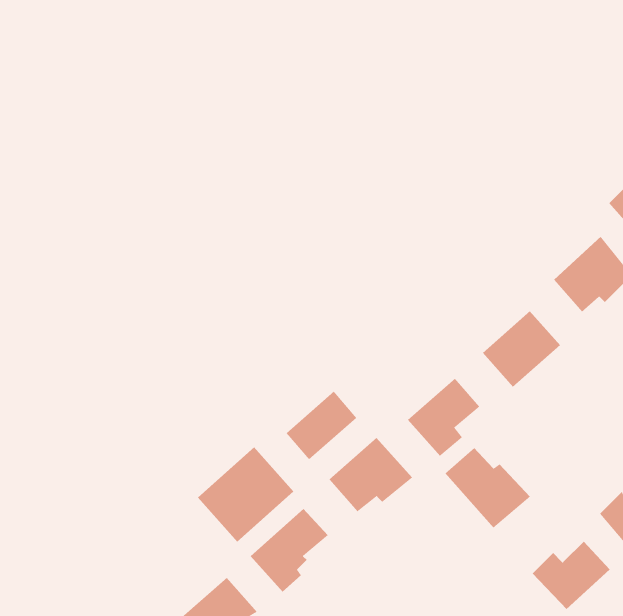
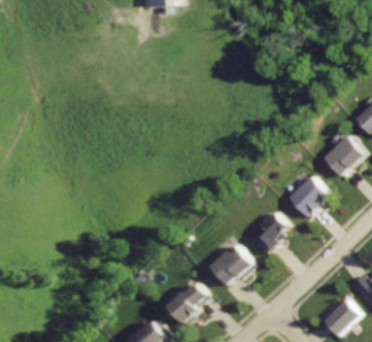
building: [286,391,357,460] -> none
building: [197,447,294,542] -> none
building: [445,447,531,529] -> none

